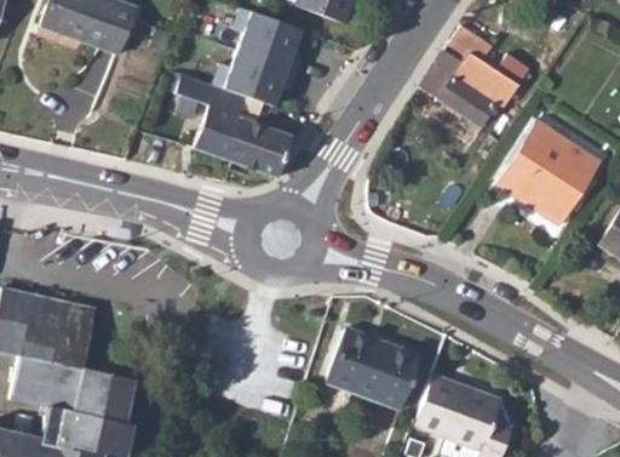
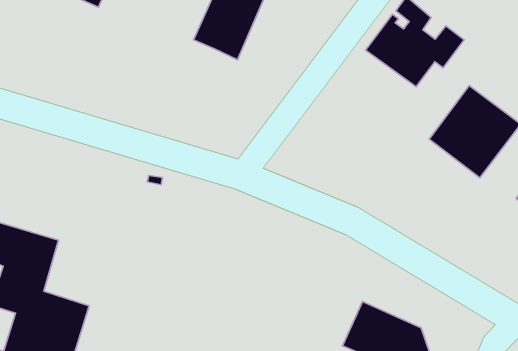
building: [178,72,294,179] -> none
building: [323,322,420,402] -> none

